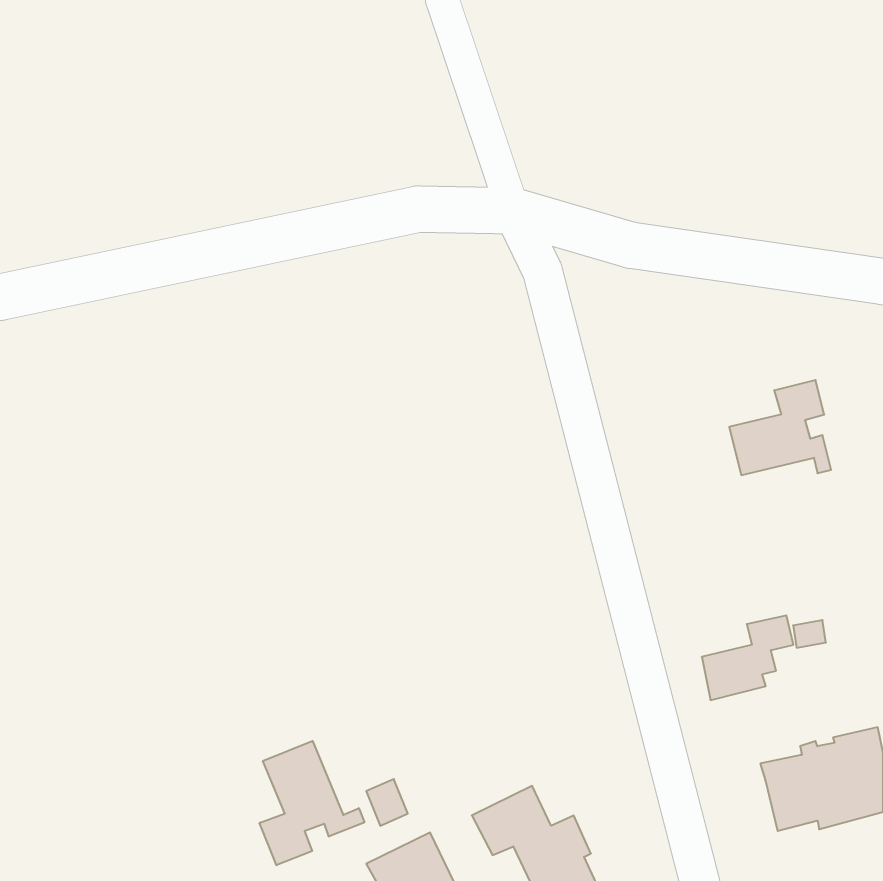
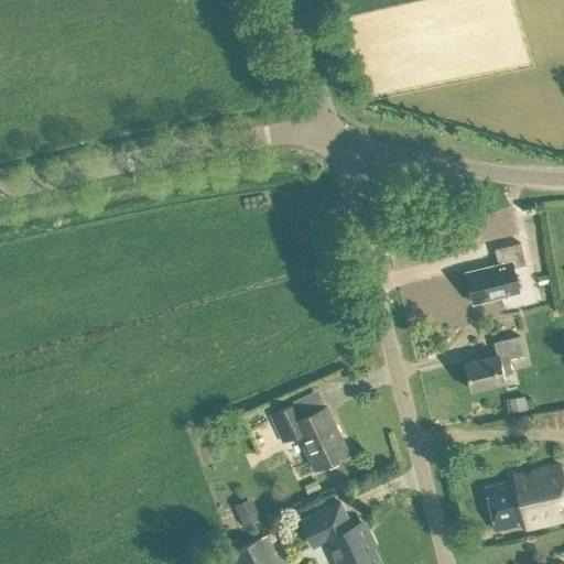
building: [702,615,793,700] -> [465,337,523,391]
building: none -> [270,404,348,470]
building: [260,741,364,865] -> none

